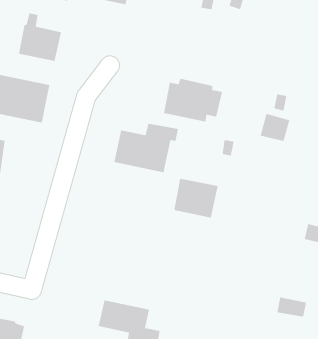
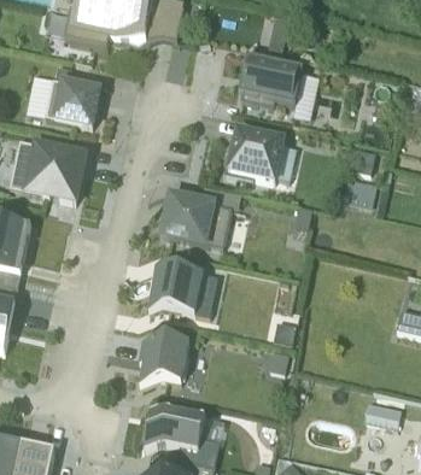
building: none -> [241,61,306,112]
building: [174,178,218,218] -> [150,269,205,318]
building: none -> [139,338,191,387]

